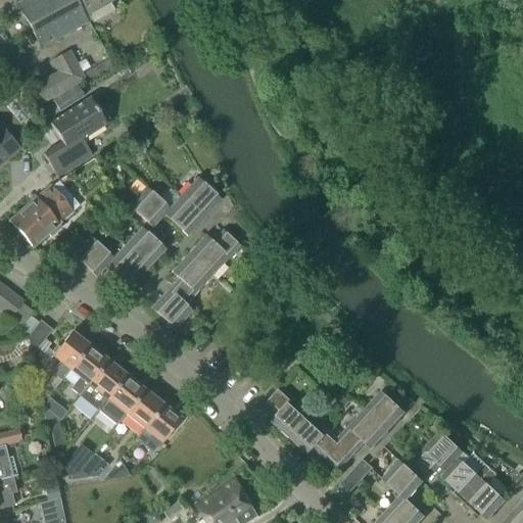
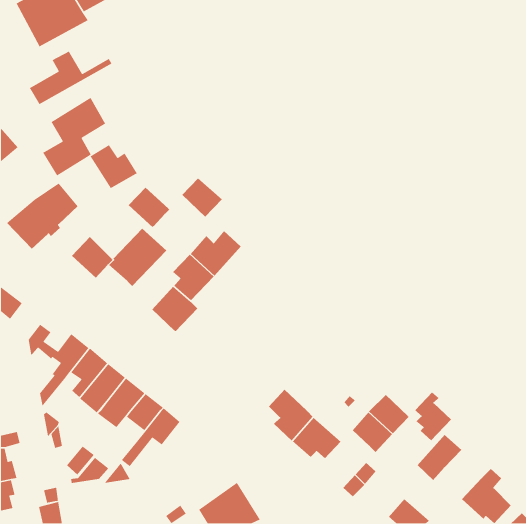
building: none -> [90,144,138,189]
building: [164,193,204,234] -> none
building: [323,426,367,470] -> none
building: [441,445,478,494] -> [415,392,452,441]
building: [384,459,426,500] -> none

